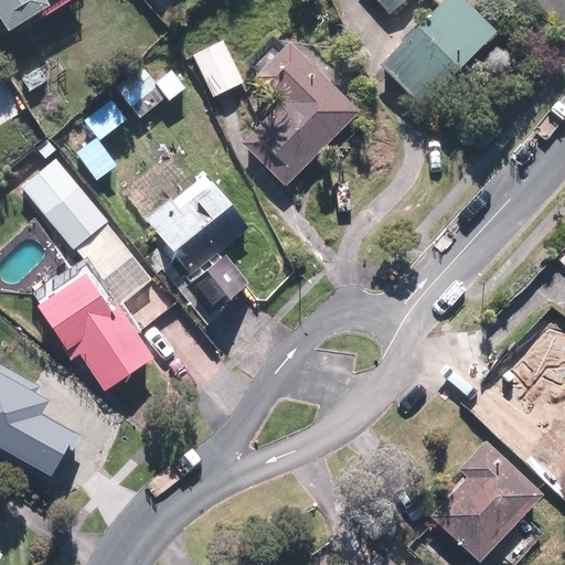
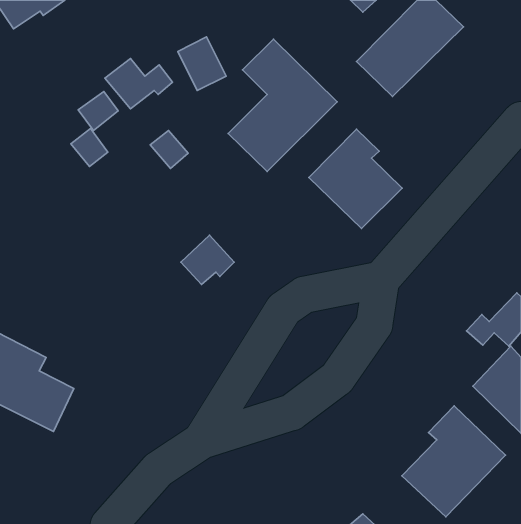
building: none -> [309,129,402,229]
building: [21,159,154,391] -> none
building: [145,172,250,276] -> none

